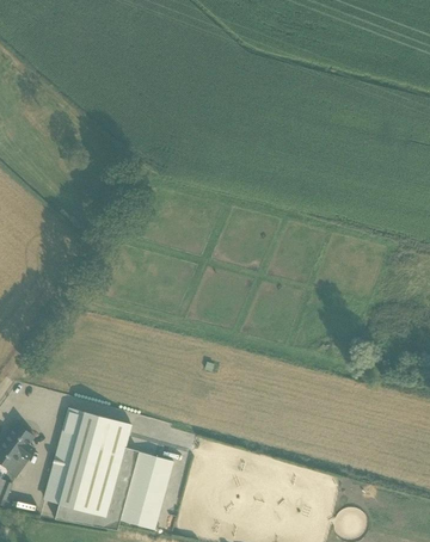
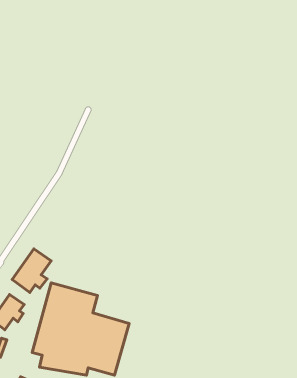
building: none -> [12,249,51,293]

